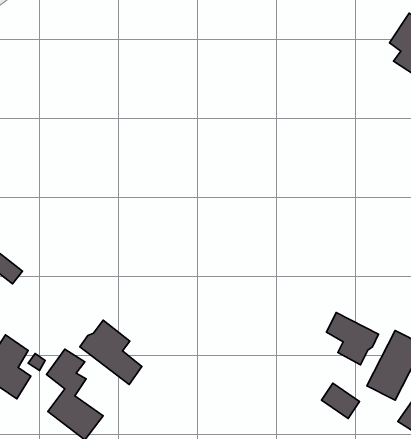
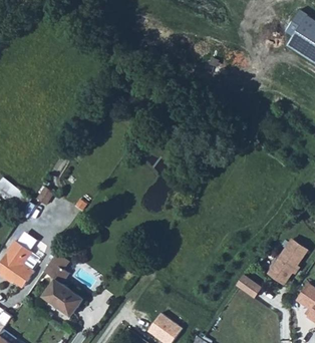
building: [327,313,378,365] -> none
building: [80,320,142,384] -> none

